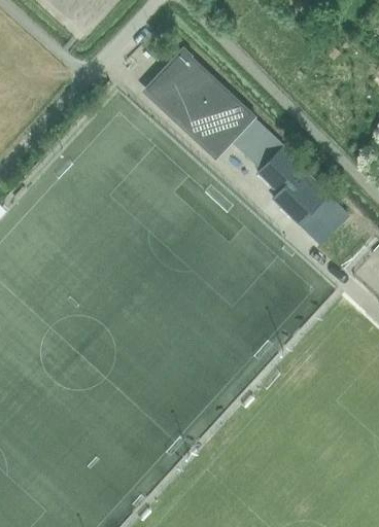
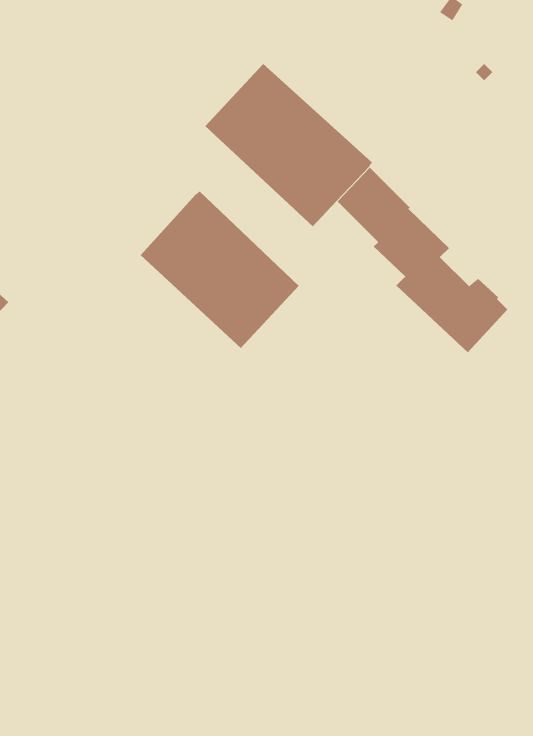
building: none -> [140,190,299,349]

